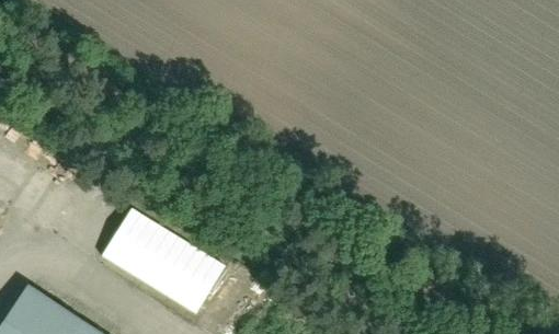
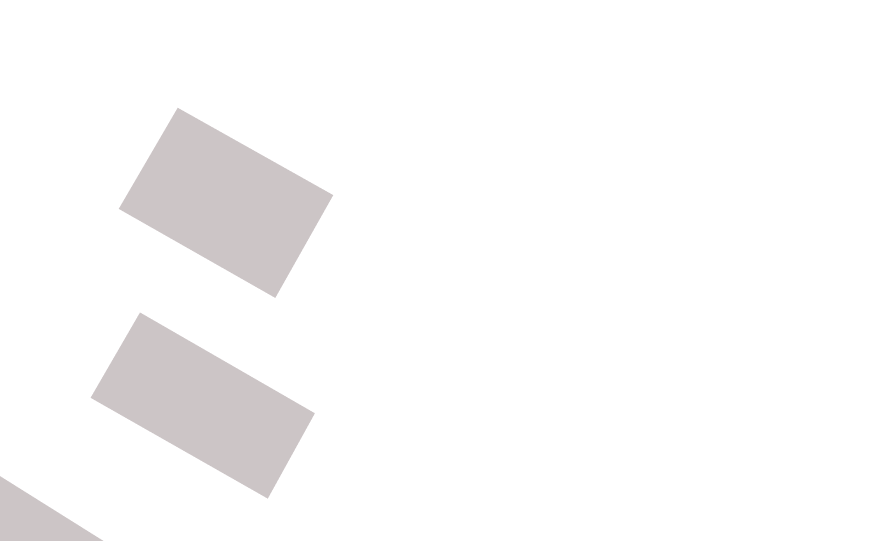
building: none -> [118,107,334,299]

